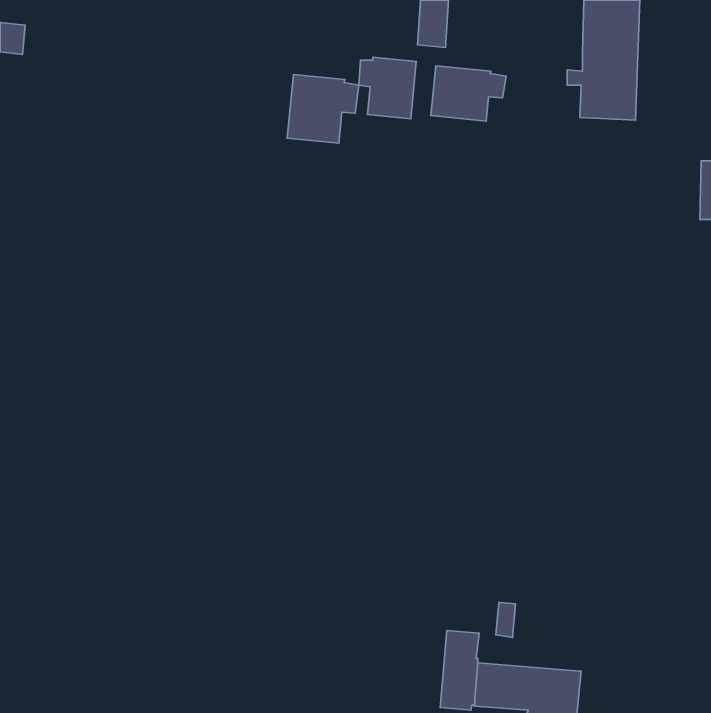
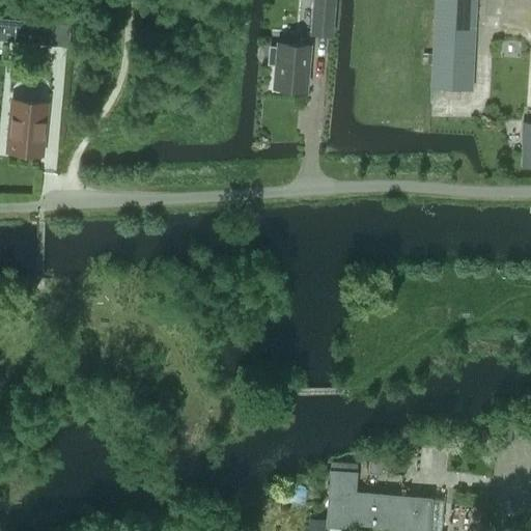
building: [431,66,506,121] -> none
building: [287,74,359,143] -> none
building: none -> [7,102,48,157]

